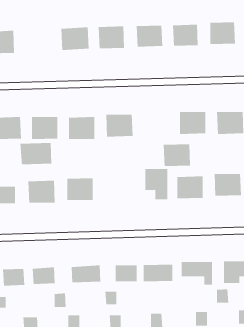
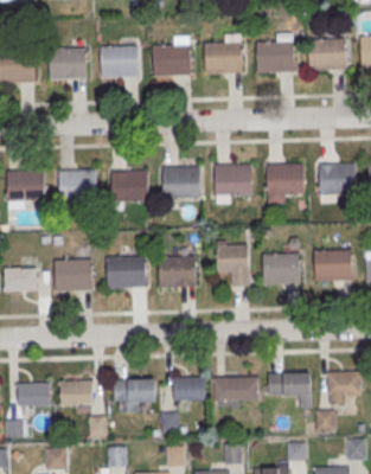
building: none -> [47,47,87,81]
building: [20,142,52,165] -> none
building: [163,144,191,167] -> [213,164,252,196]
building: none -> [158,256,197,288]

